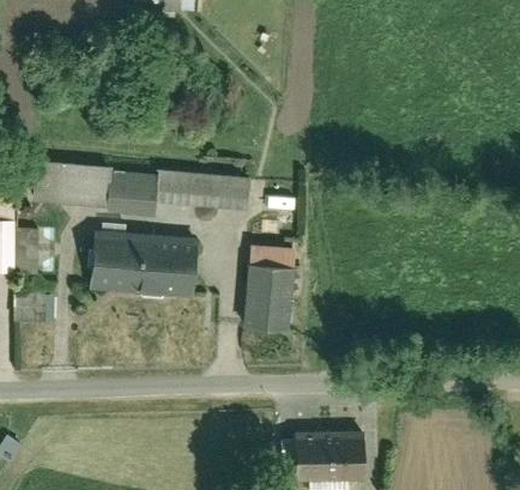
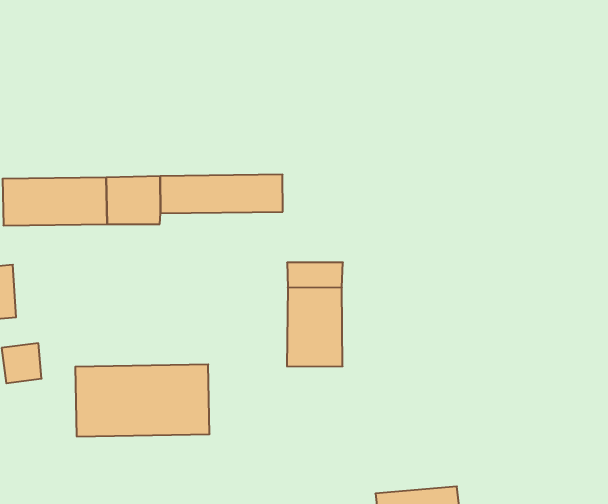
building: [91,234,198,295] -> [75,364,210,436]

